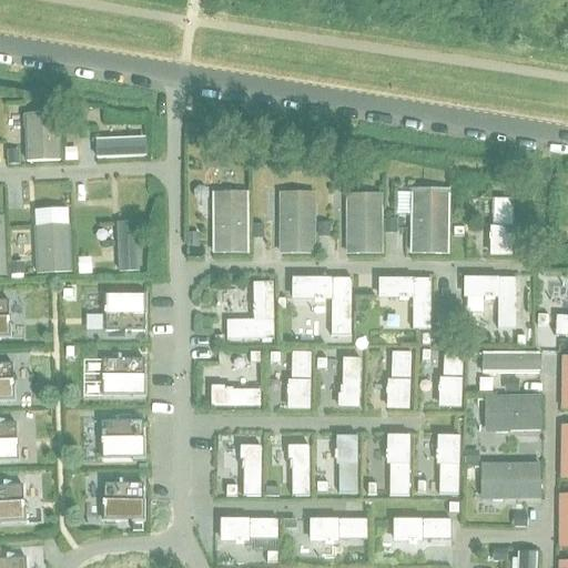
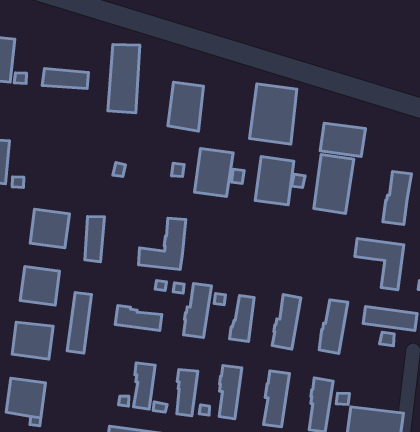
building: none -> [108,45,140,113]
building: none -> [249,84,297,144]
building: none -> [320,123,365,157]
building: [213,200,247,250] -> [168,82,203,131]
building: [116,217,138,267] -> [85,217,105,262]
building: [292,276,351,334] -> none
building: [378,277,430,327] -> none
building: none -> [67,292,92,353]
building: [485,393,540,427] -> none

